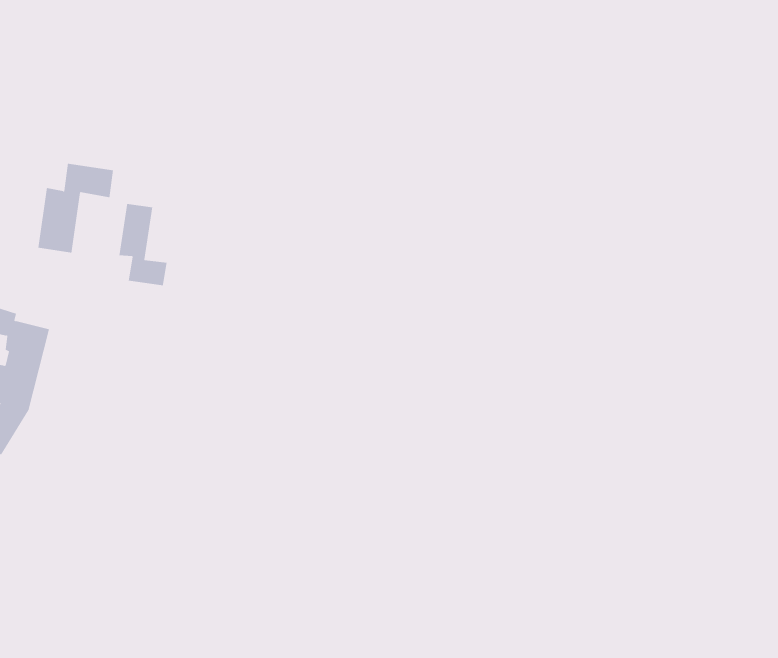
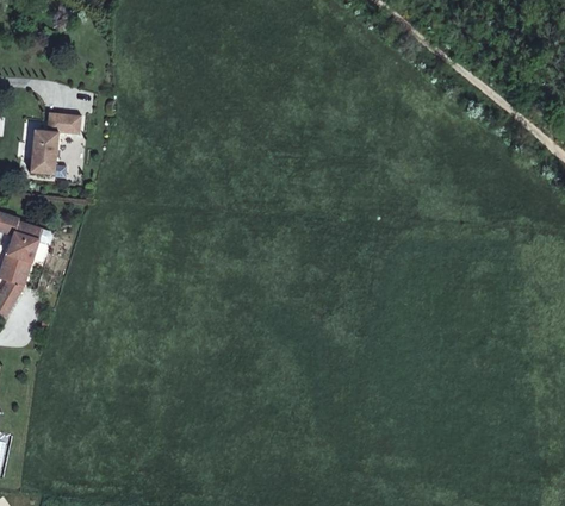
building: [119,203,167,286] -> none

